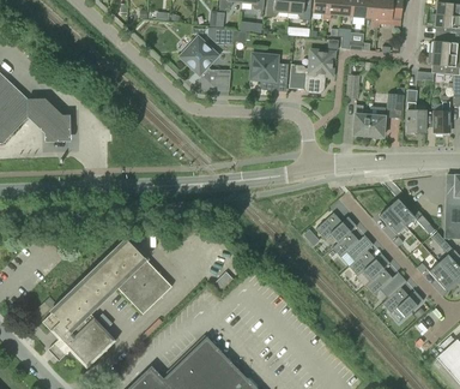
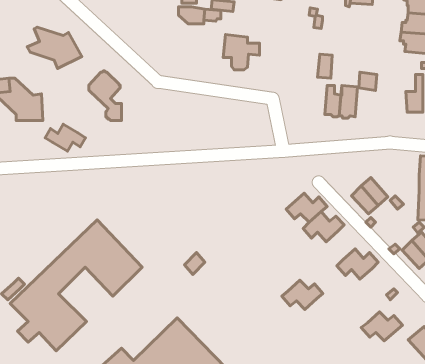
building: [292,38,338,94] -> none
building: [183,40,216,89] -> [89,71,122,120]
building: none -> [27,27,82,69]
building: [405,89,425,132] -> none
building: none -> [45,124,85,151]
building: [347,250,388,279] -> [282,280,323,309]
building: [381,287,422,316] -> [361,312,402,341]

